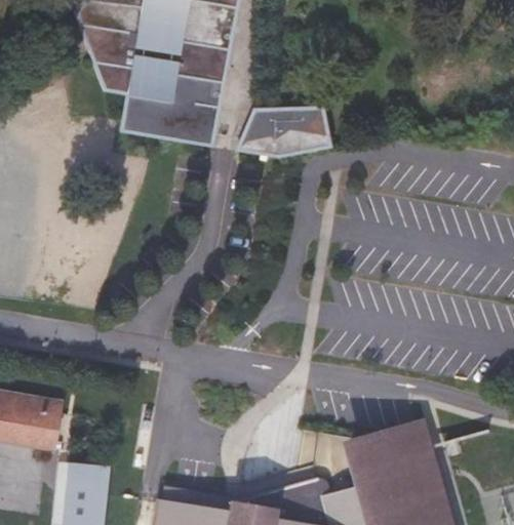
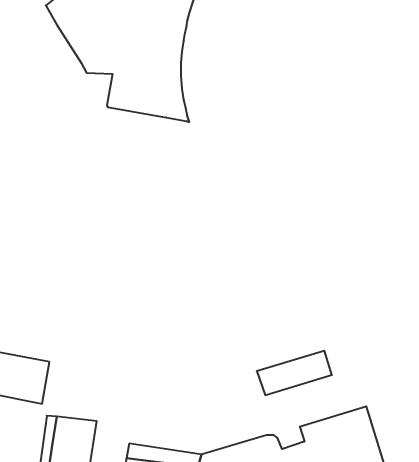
building: [246,108,340,155] -> none
building: [337,432,420,481] -> [257,351,332,395]

